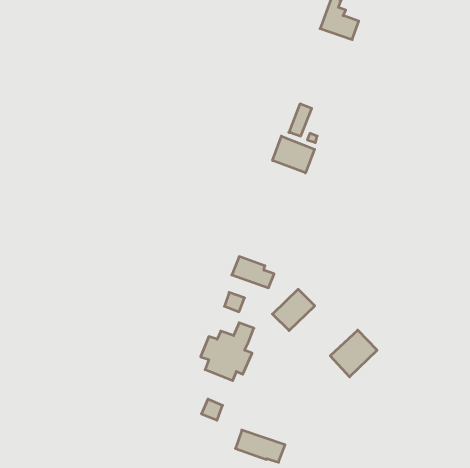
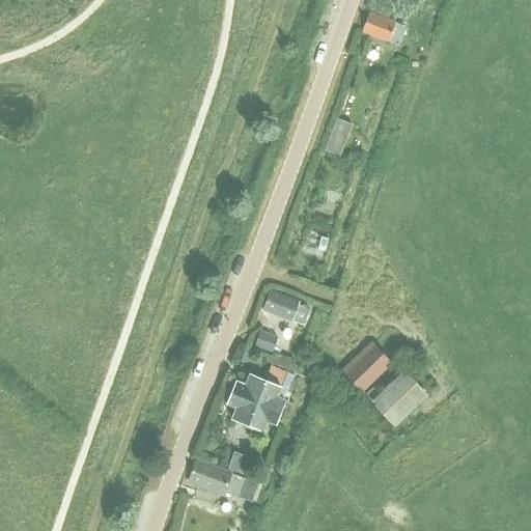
building: [273,136,315,173] -> none
building: [272,289,315,331] -> [343,344,391,391]
building: [235,430,285,462] -> [189,459,245,496]

